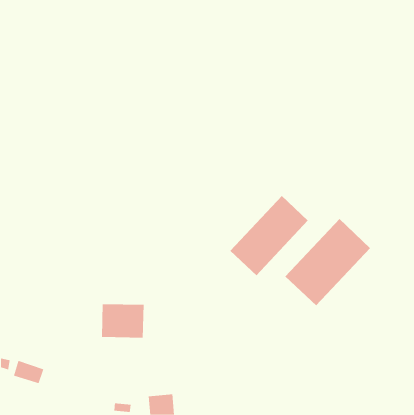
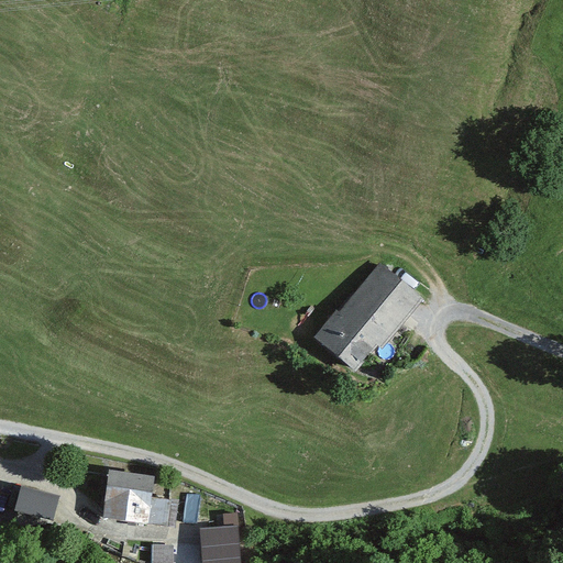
building: [285,218,371,306] -> none
building: [101,304,144,338] -> [97,475,155,521]

